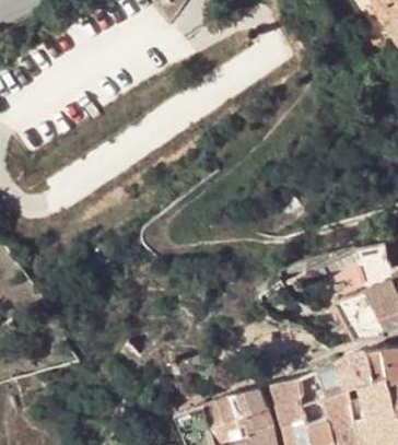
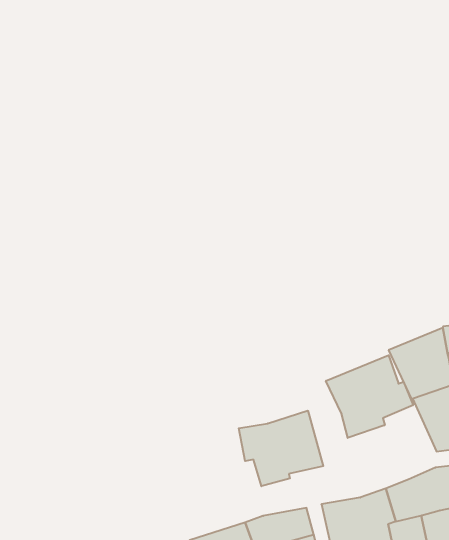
building: none -> [326,355,413,438]
building: none -> [239,411,323,486]

